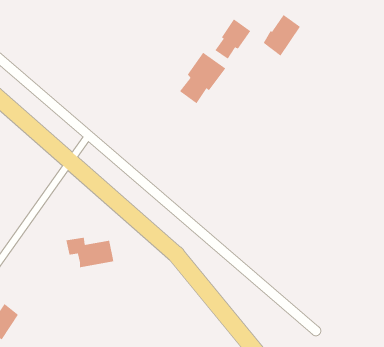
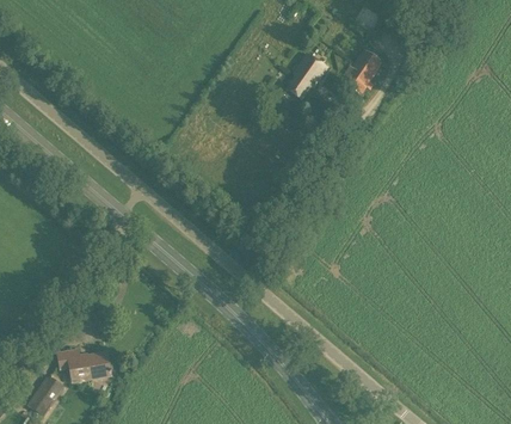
building: [179,52,226,104] -> none
building: [66,237,114,268] -> [56,349,111,383]

